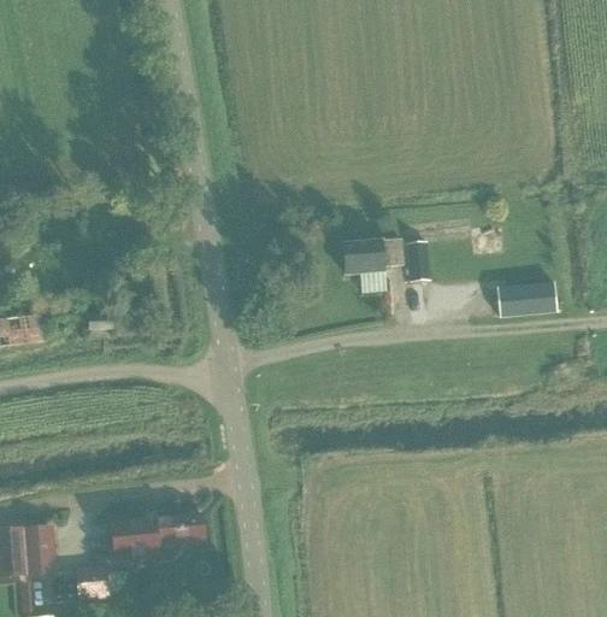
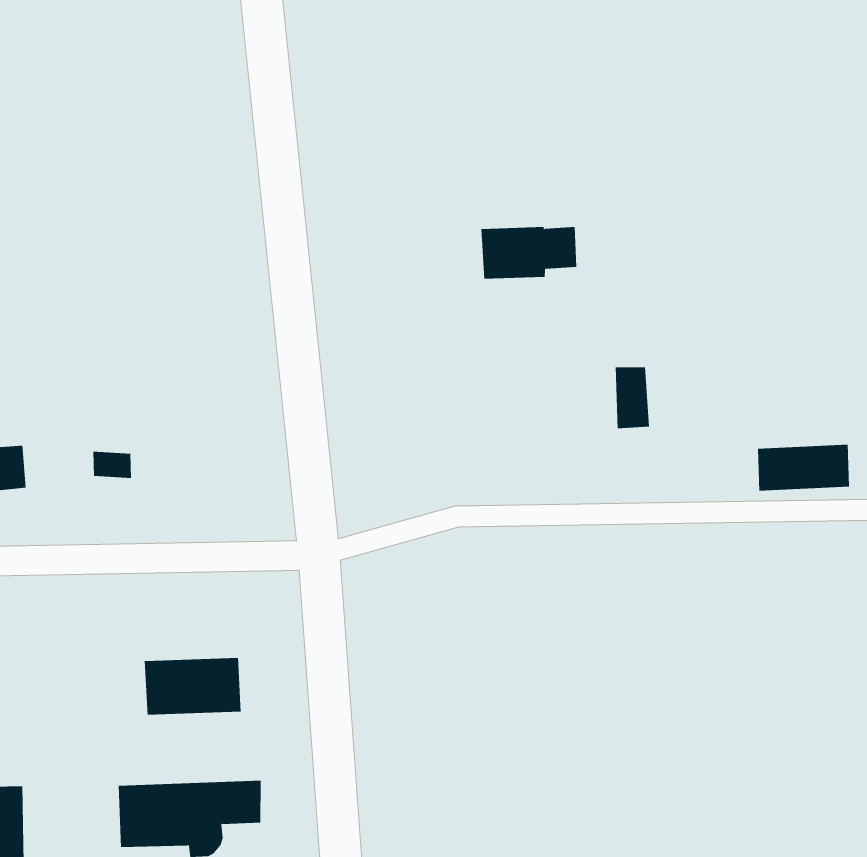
building: [341,239,402,275] -> [481,226,577,279]
building: none -> [144,657,241,716]

